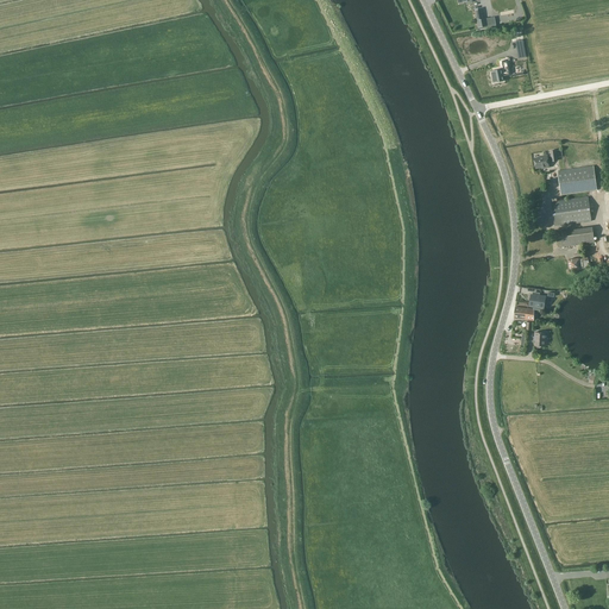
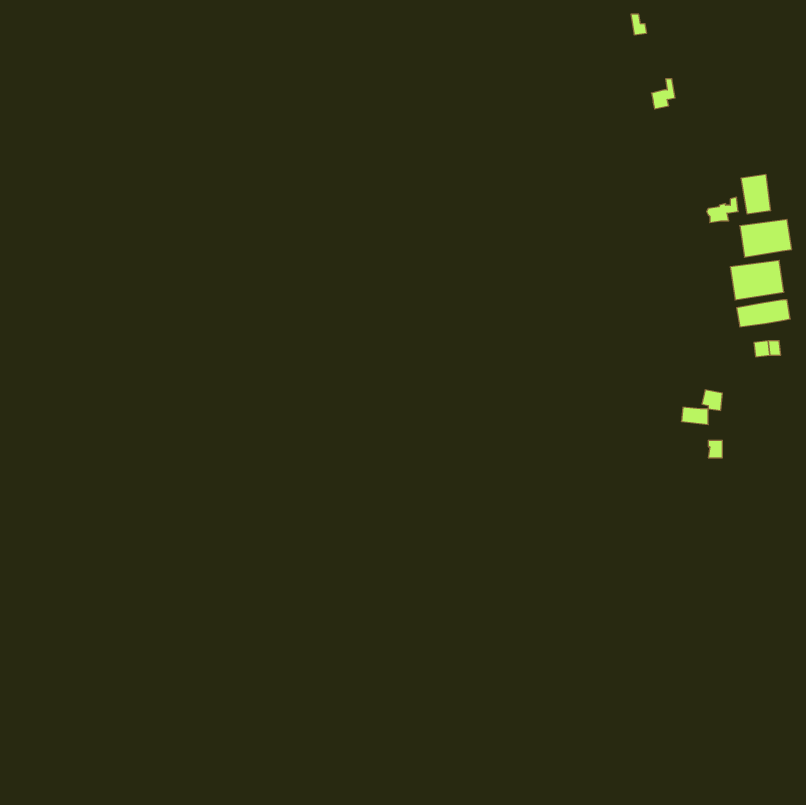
building: none -> [741,174,771,214]

